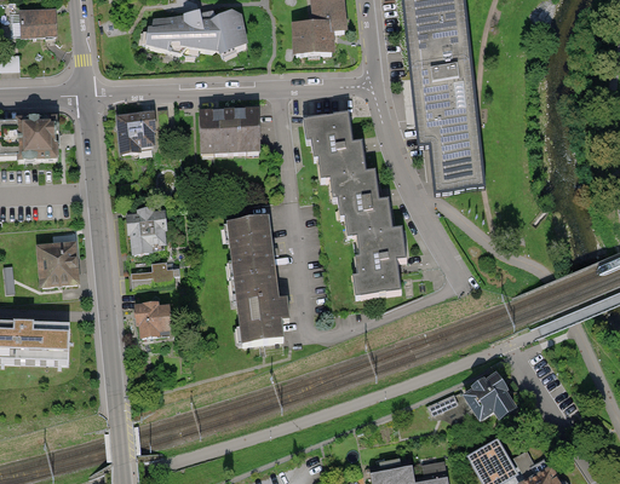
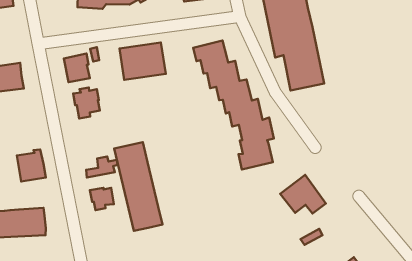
building: [128,209,163,252] -> [73,87,100,119]
building: [225,218,282,341] -> [114,142,162,231]
building: [460,368,523,424] -> [280,175,326,214]

